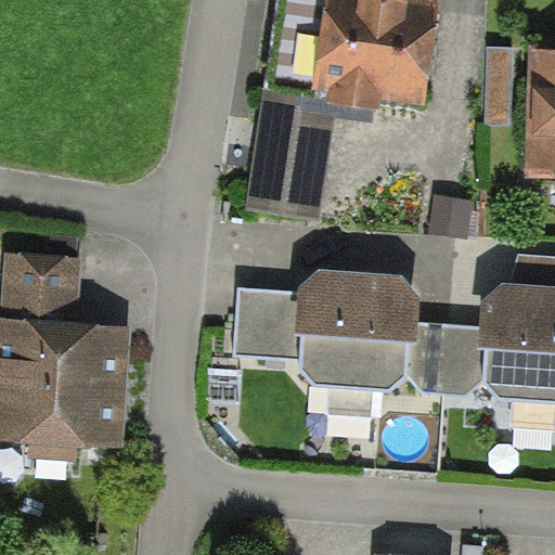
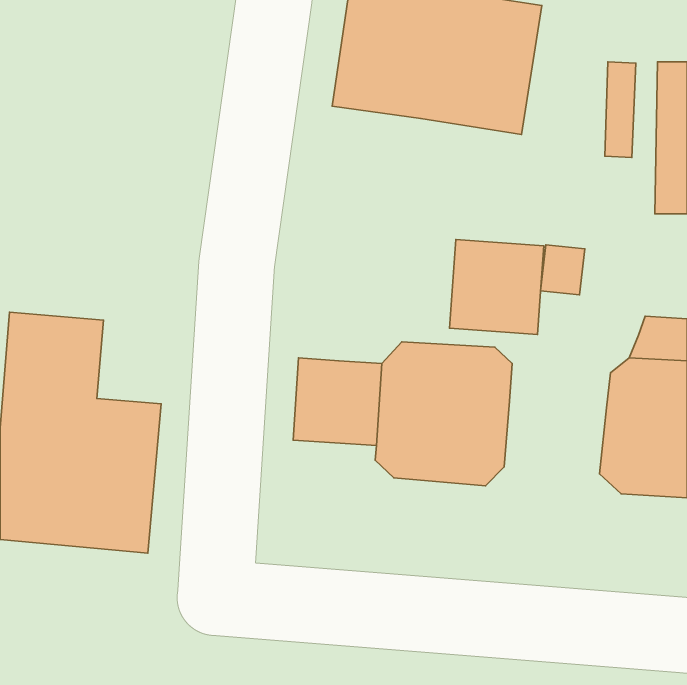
building: [250,86,339,216] -> none
building: none -> [449,240,544,335]
building: [406,323,489,397] -> none

